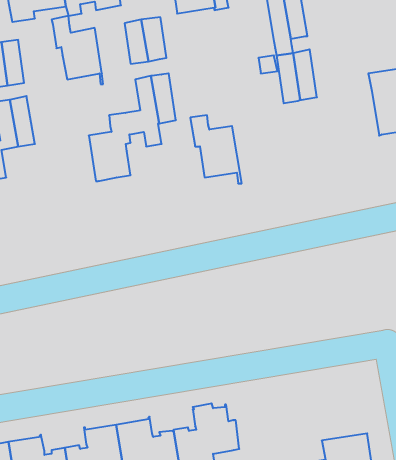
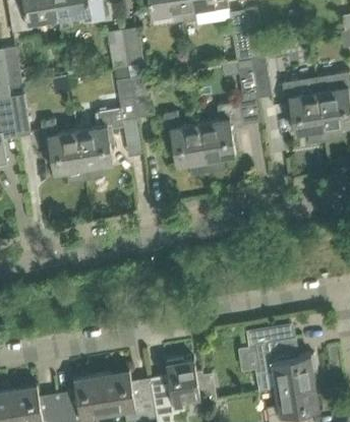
building: [52,16,103,84] -> [41,119,84,177]
building: none -> [282,77,325,133]
building: none -> [199,103,243,170]
building: none -> [248,325,316,391]

